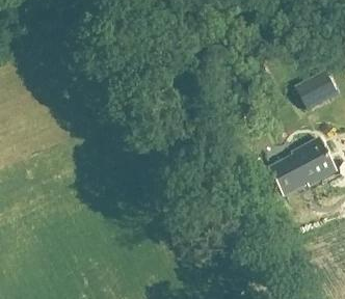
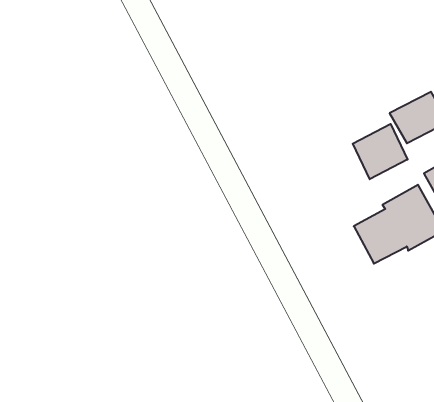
building: none -> [353,124,408,179]

